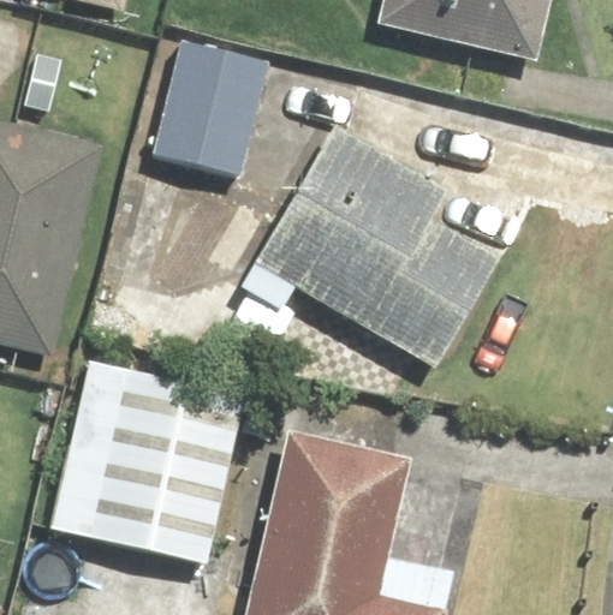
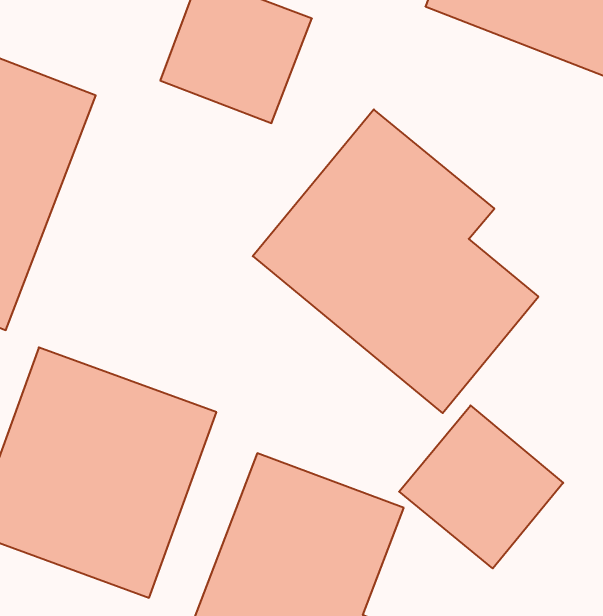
building: none -> [399,405,563,568]

